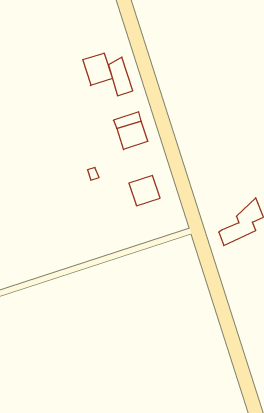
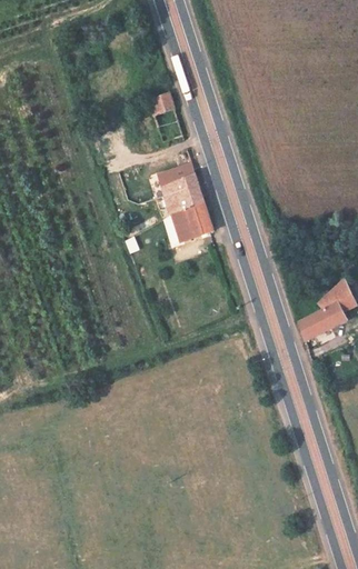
building: [83,53,112,86] -> none
building: [129,175,160,206] -> [171,202,212,242]

